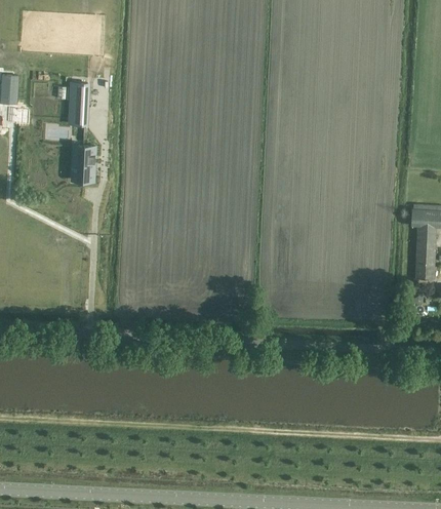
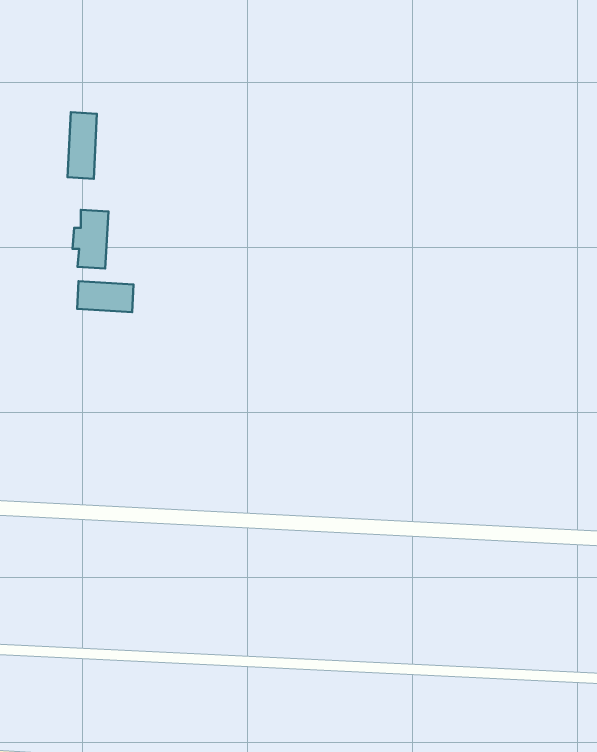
building: none -> [77,281,134,312]

